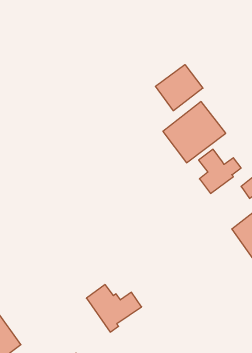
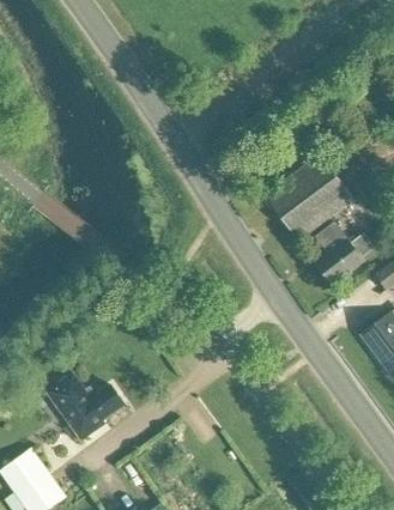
building: [155,65,203,111] -> none
building: [86,285,142,332] -> [49,374,127,441]

